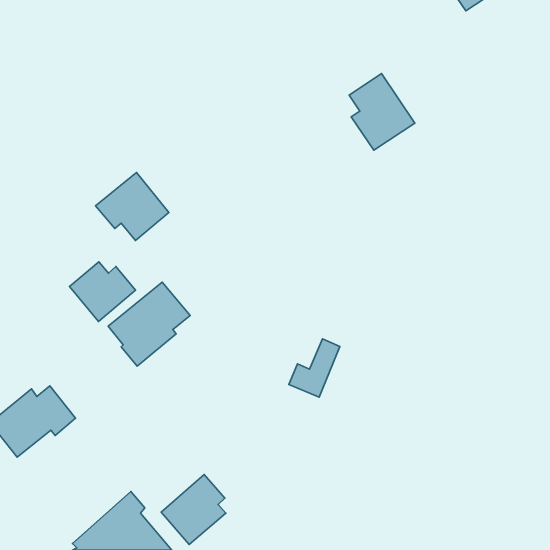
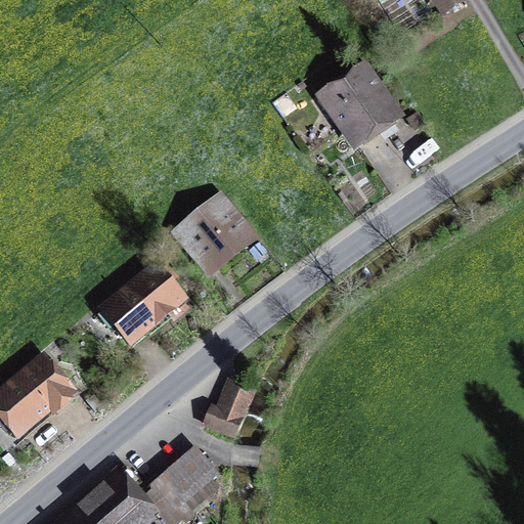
building: [95,172,169,240] -> [174,201,244,265]
building: [69,262,135,321] -> none
building: [289,339,340,397] -> [204,382,252,437]

